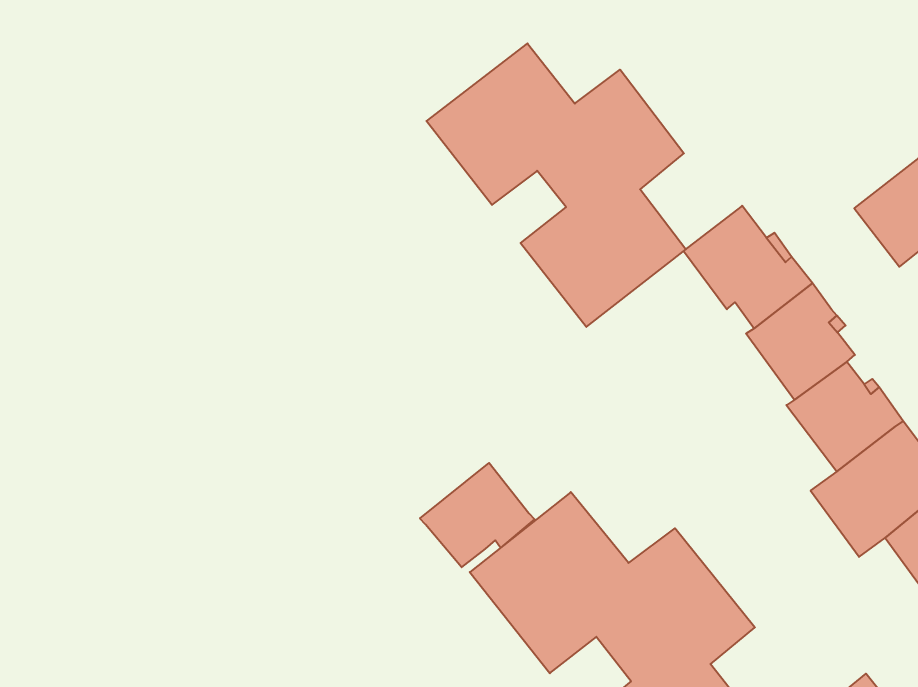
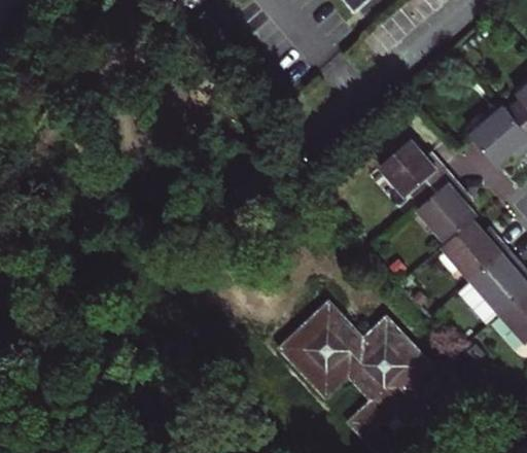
building: [426,43,686,327] -> none
building: [420,463,534,567] -> none

